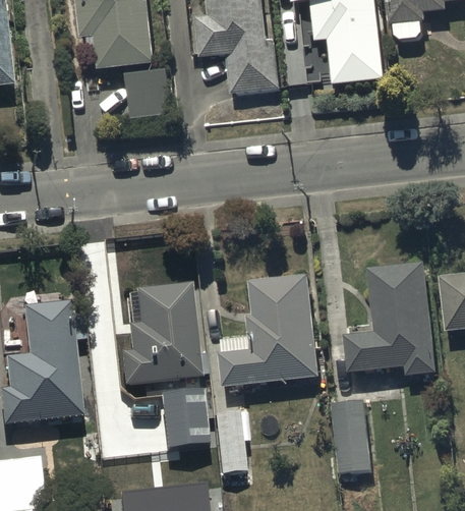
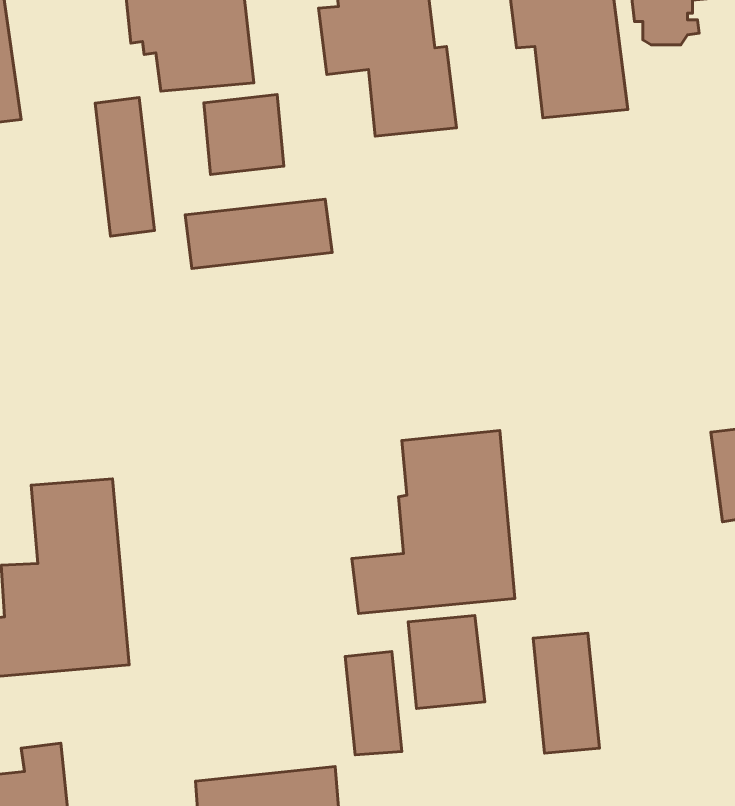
building: none -> [95,98,154,236]
building: none -> [185,199,332,269]
building: [341,262,435,376] -> none
building: [118,284,198,386] -> none
building: [161,387,208,444] -> [408,615,485,708]

